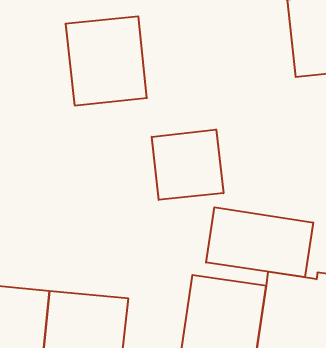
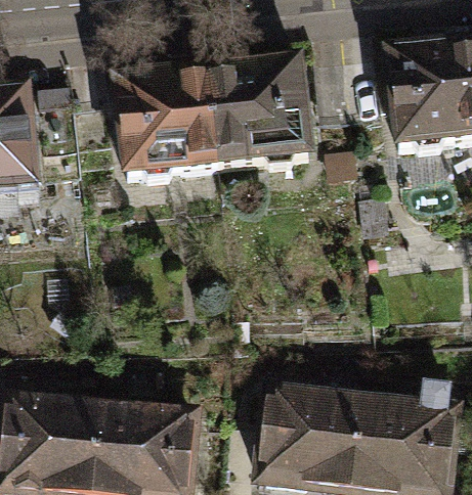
building: none -> [207,60,306,170]
building: [152,129,223,200] -> none
building: [206,207,313,277] -> none

